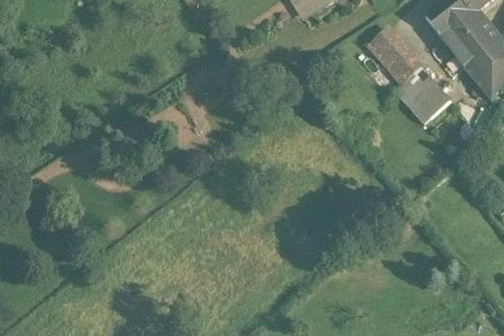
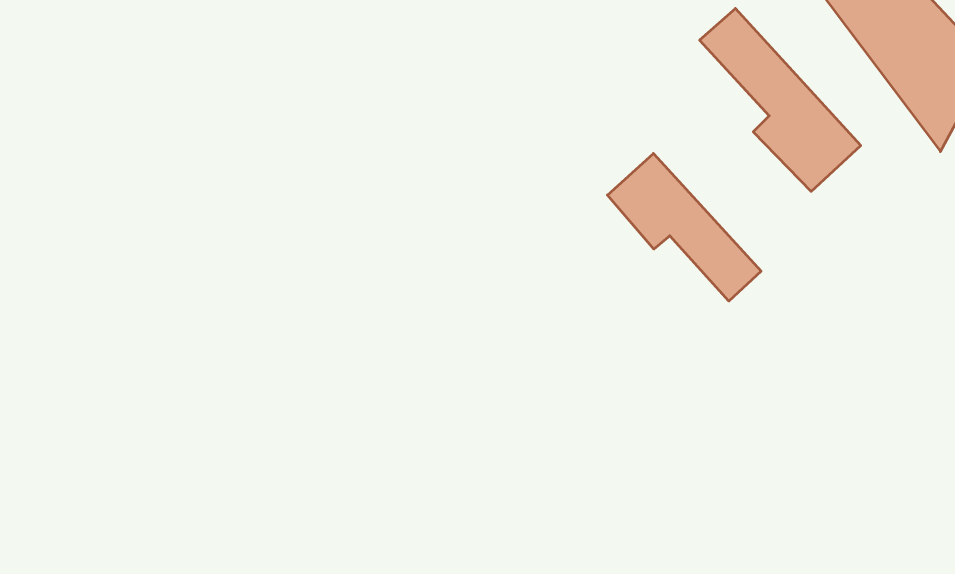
building: none -> [607,153,761,301]

